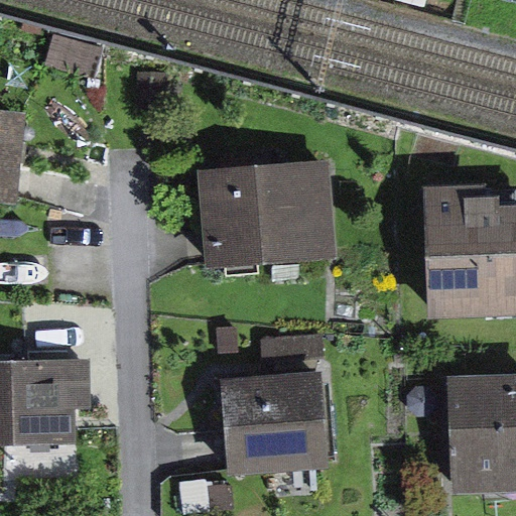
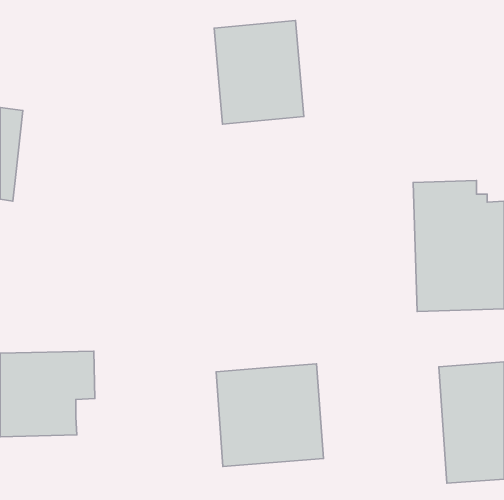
building: none -> [214,20,304,124]
building: [198,158,340,270] -> none

